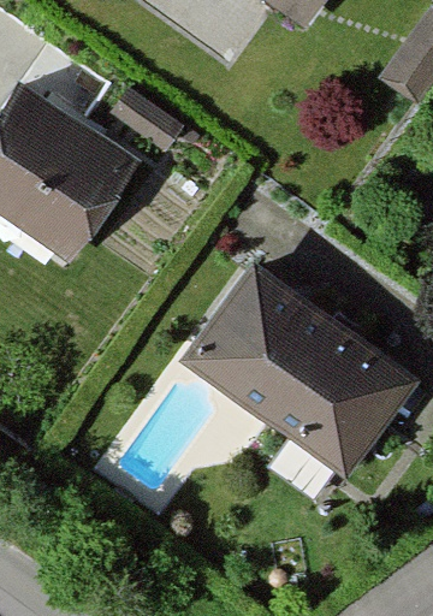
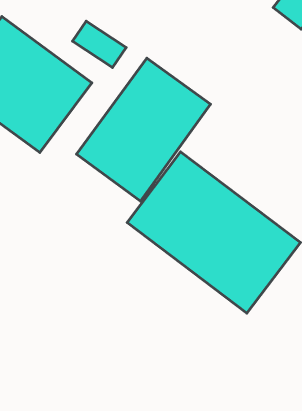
building: none -> [76,58,211,201]

